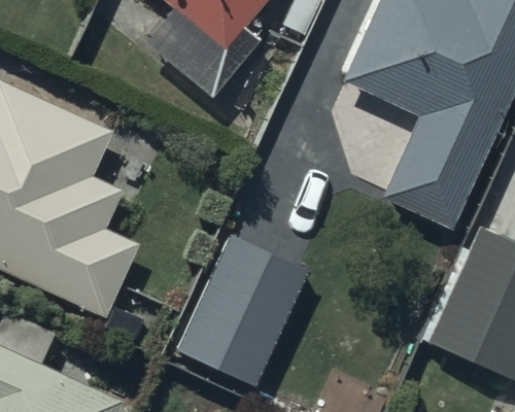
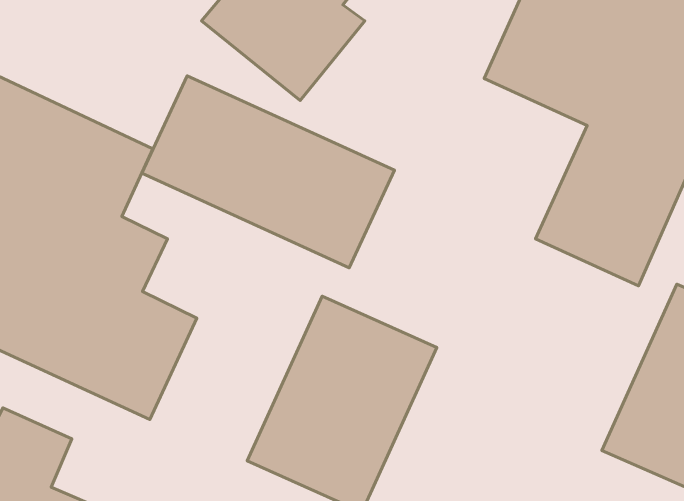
building: none -> [142,76,395,268]

